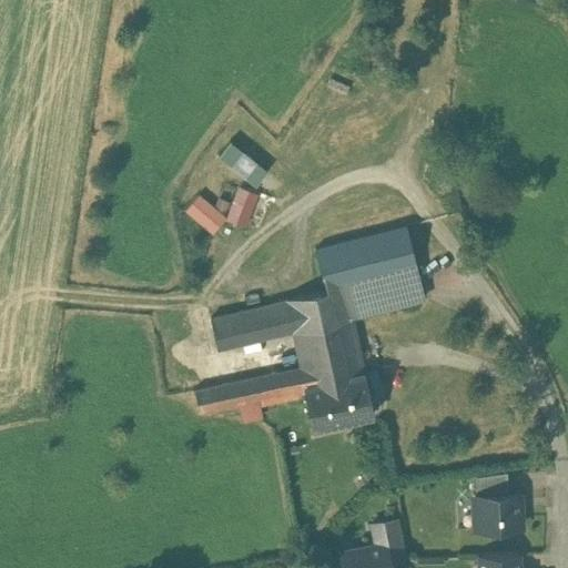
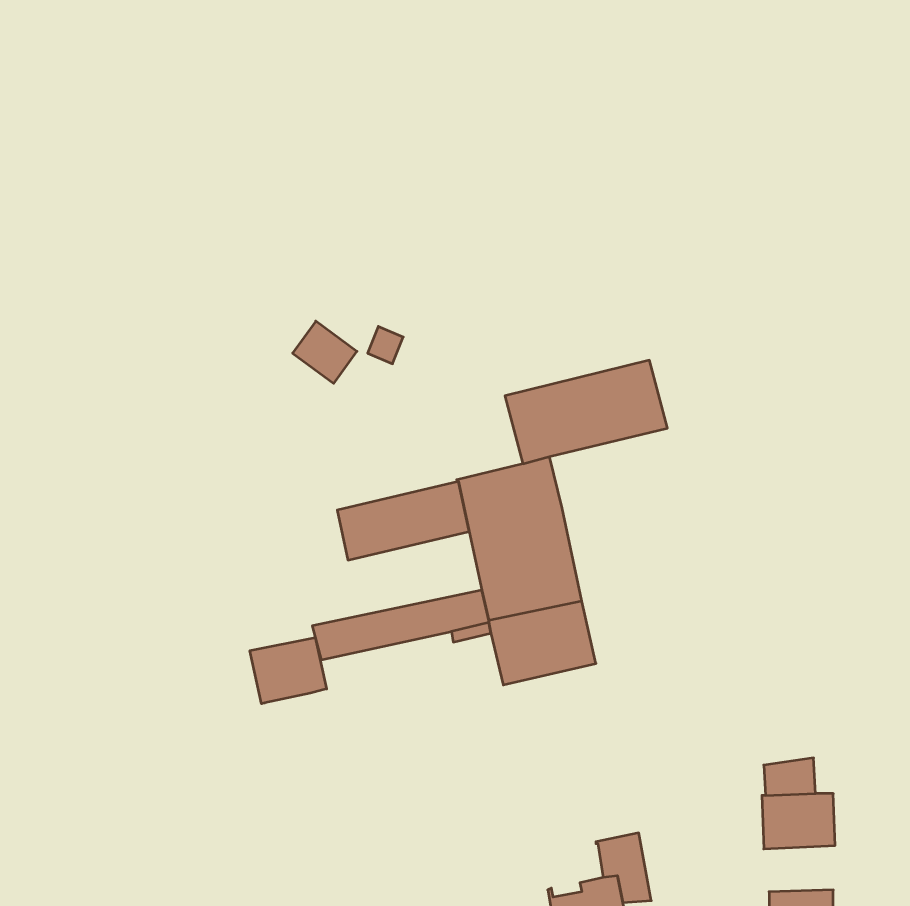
building: [221,141,272,185] -> none
building: [343,270,424,320] -> none
building: none -> [250,638,327,704]

